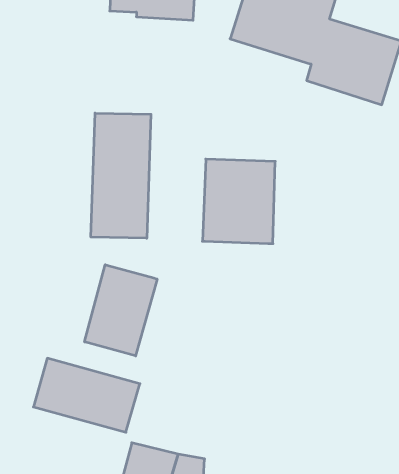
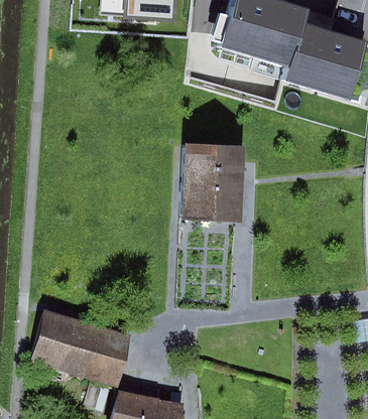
building: [91,113,151,238] -> none
building: [85,265,157,356] -> none

